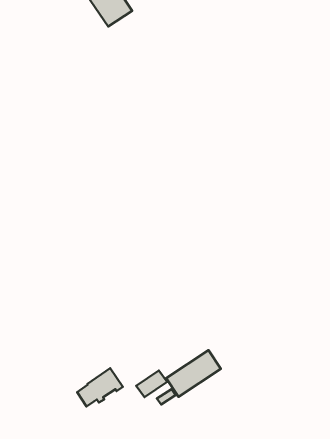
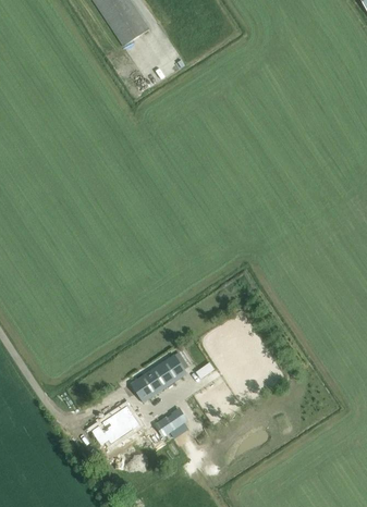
building: [166,350,221,397] -> [130,353,187,401]

